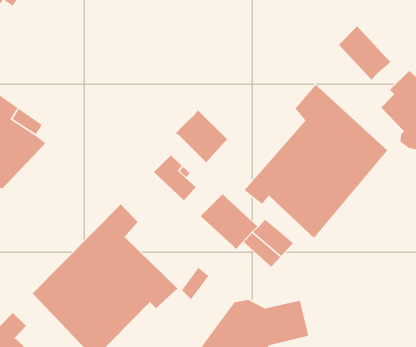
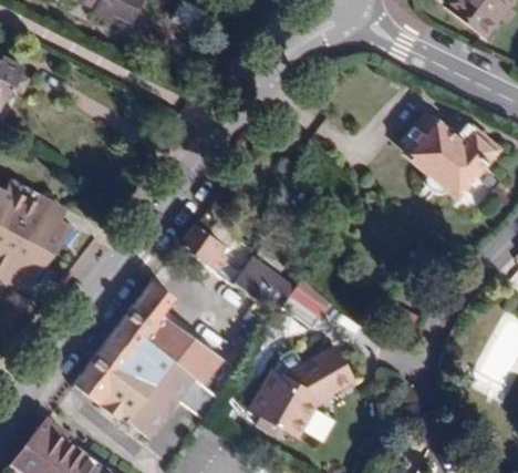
building: [338,26,392,81] -> none
building: [244,84,388,239] -> none
building: [175,109,228,163] -> none

